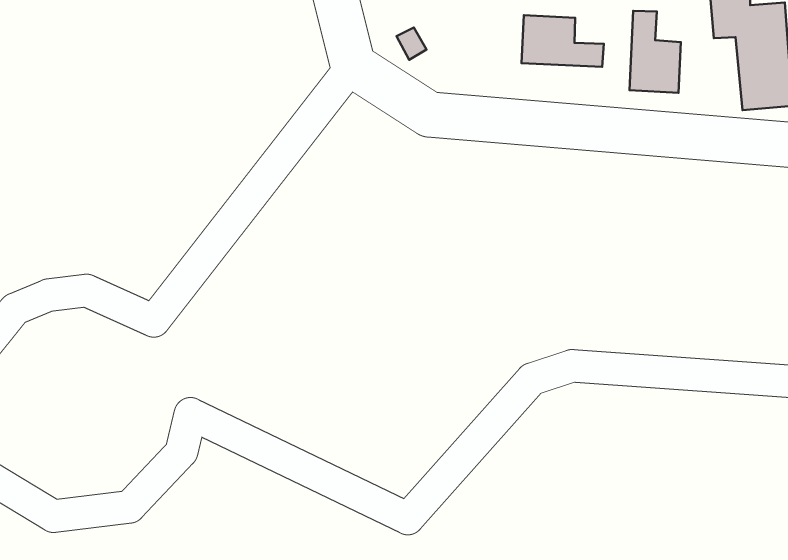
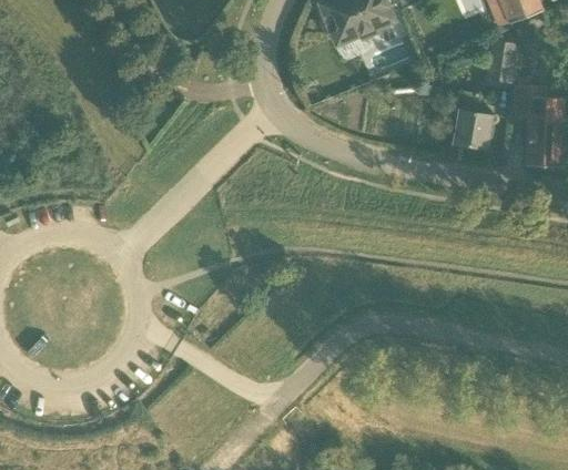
building: [522,15,604,67] -> none

